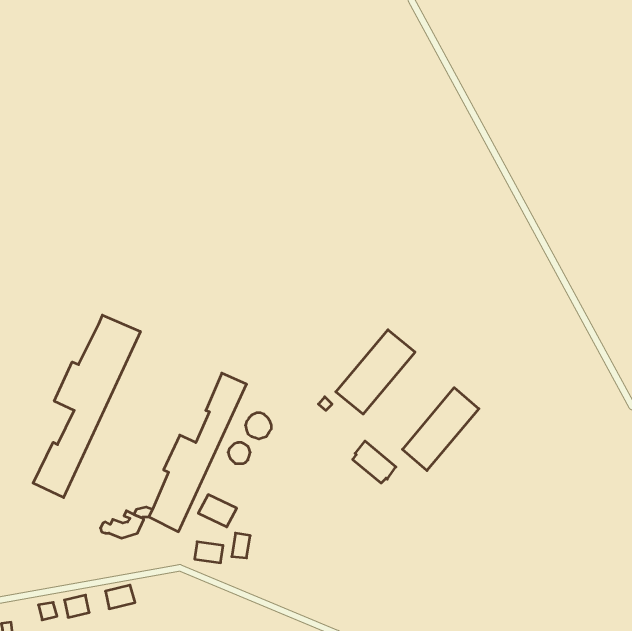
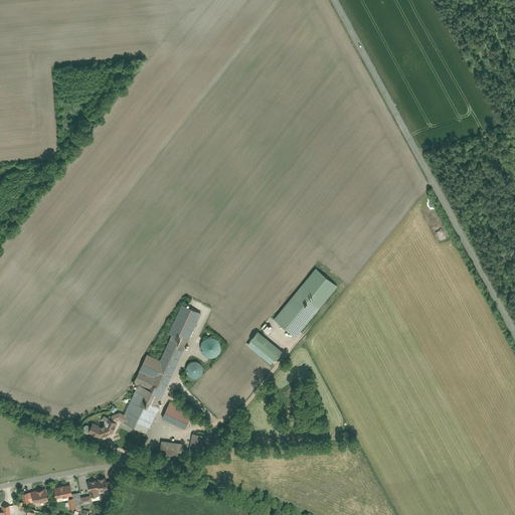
building: [33,315,140,498] -> none
building: [402,388,479,471] -> none
building: [353,441,396,483] -> [246,331,282,365]

